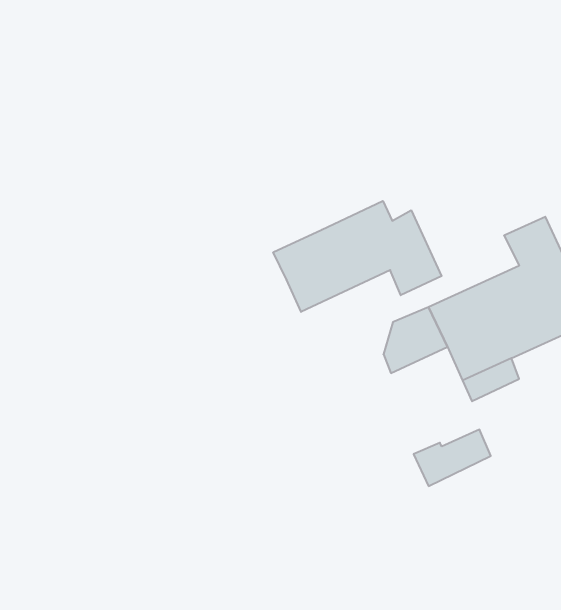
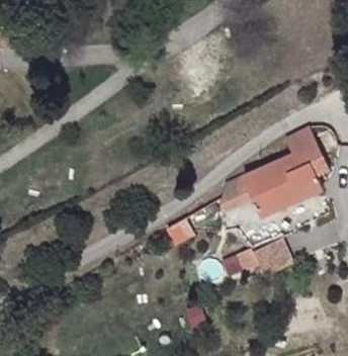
building: [273,201,442,312] -> none

